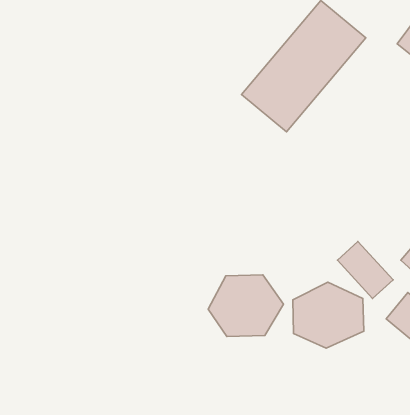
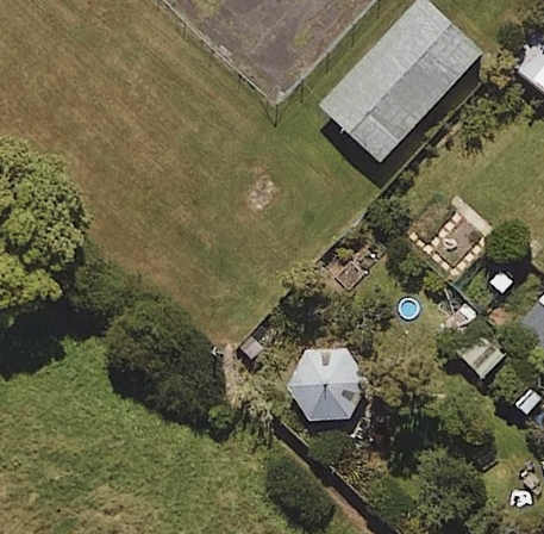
building: [293,282,364,348] -> none

